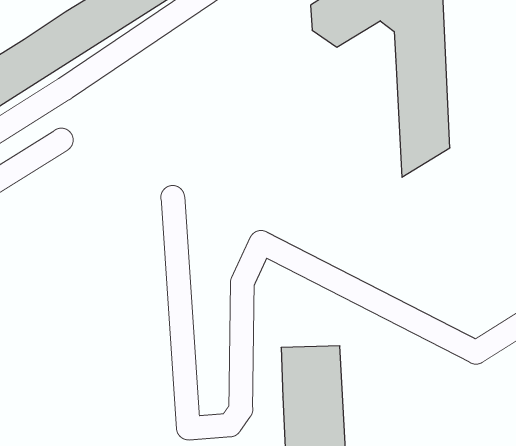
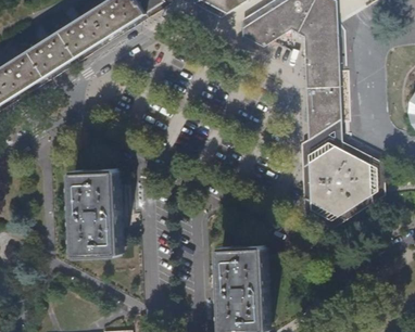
building: none -> [309,141,377,219]
building: none -> [74,182,123,263]

